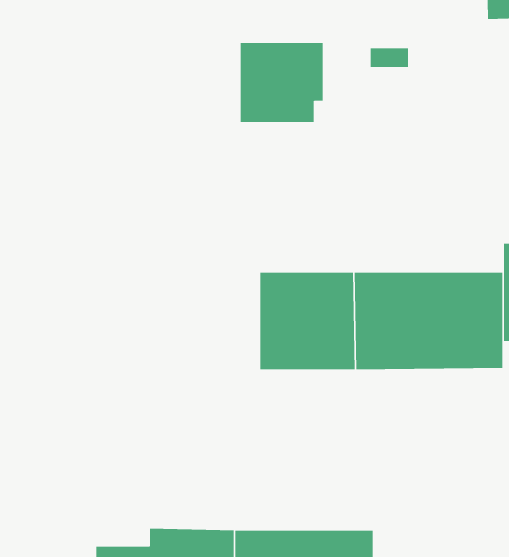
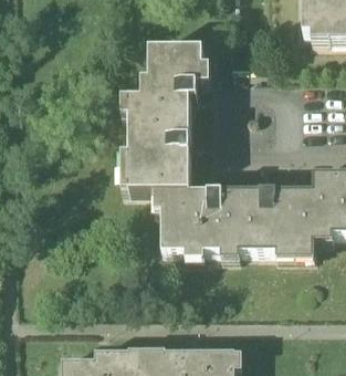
building: none -> [130,101,190,194]

